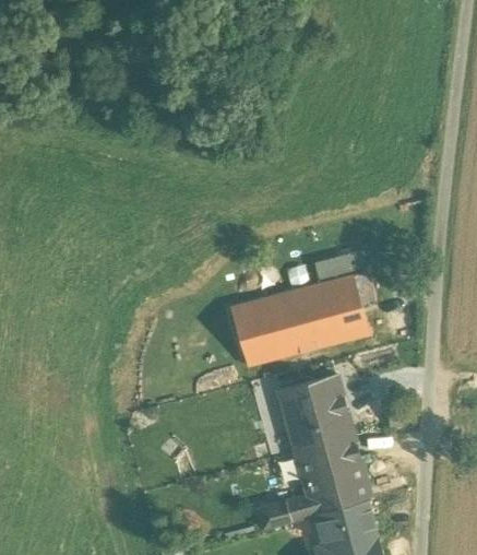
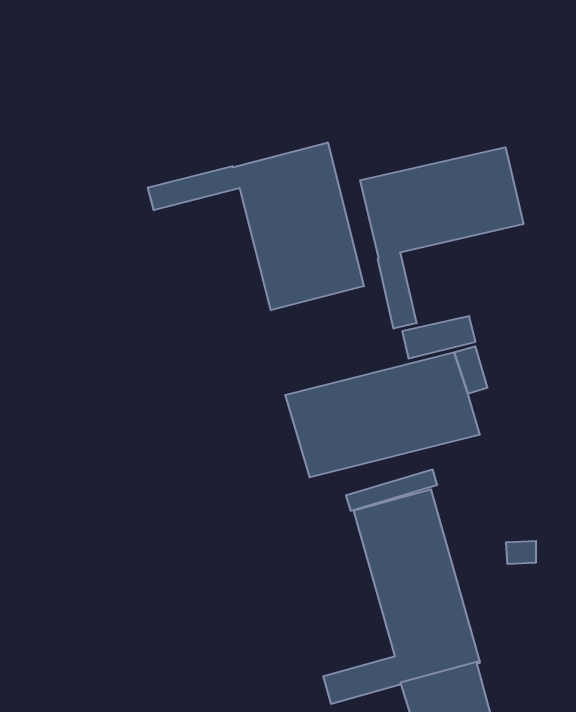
building: none -> [148,142,364,310]
building: none -> [360,147,524,329]

